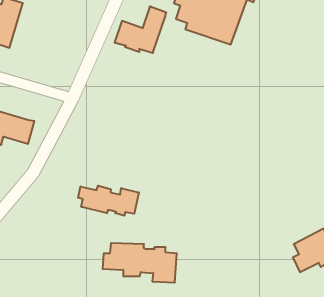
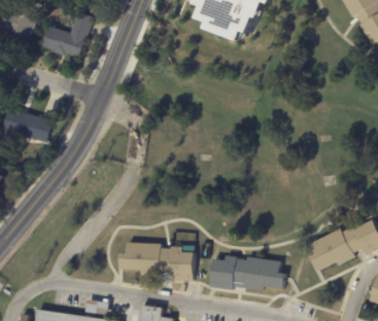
building: [115,6,166,53] -> [40,12,92,59]
building: [78,186,139,216] -> none
building: none -> [208,255,283,291]

